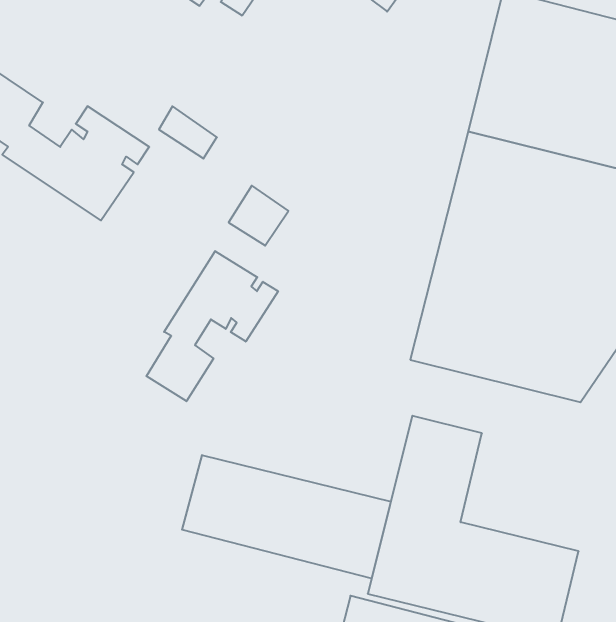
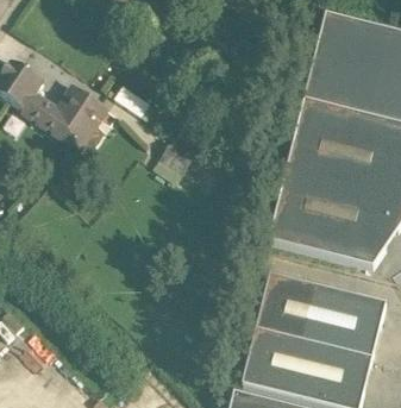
building: [146,251,278,401] -> none
building: none -> [300,284,386,357]
building: [182,455,391,579] -> none

